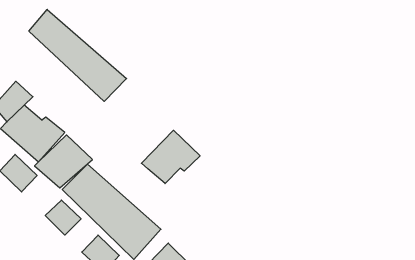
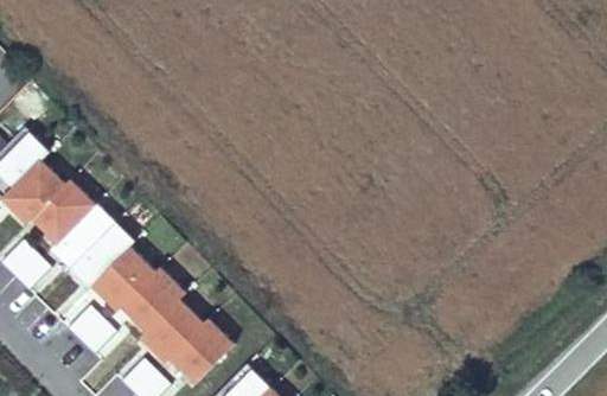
building: [29,9,127,101] -> none
building: [141,130,200,184] -> none

